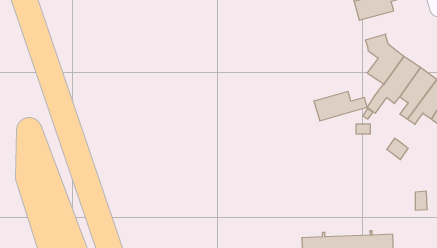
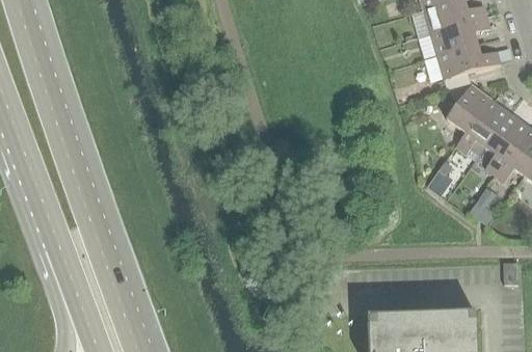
building: [314,92,367,121] -> [435,43,500,78]

